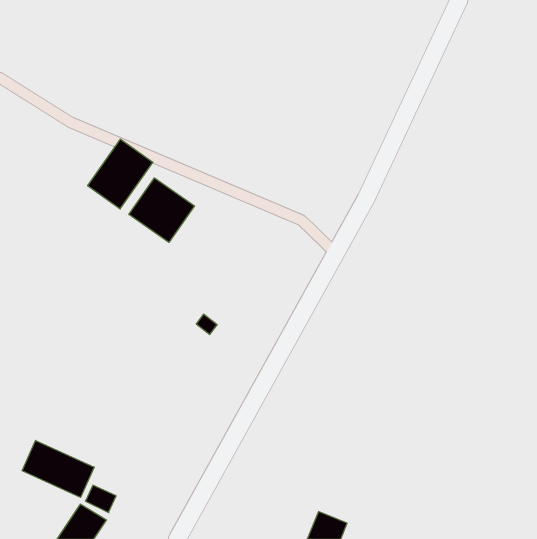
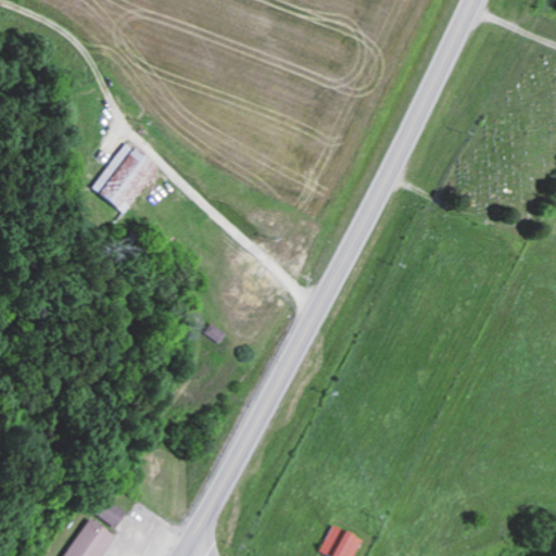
building: [129,178,195,242] -> none
building: [22,440,94,497] -> none

